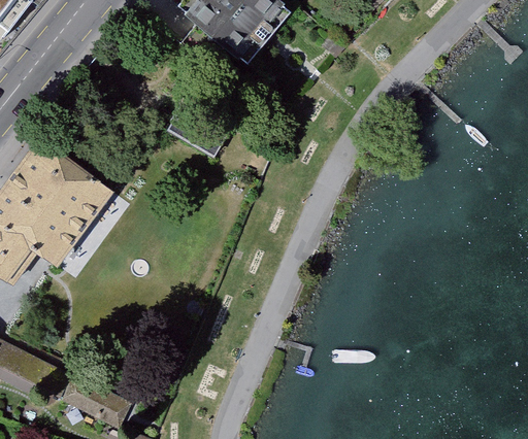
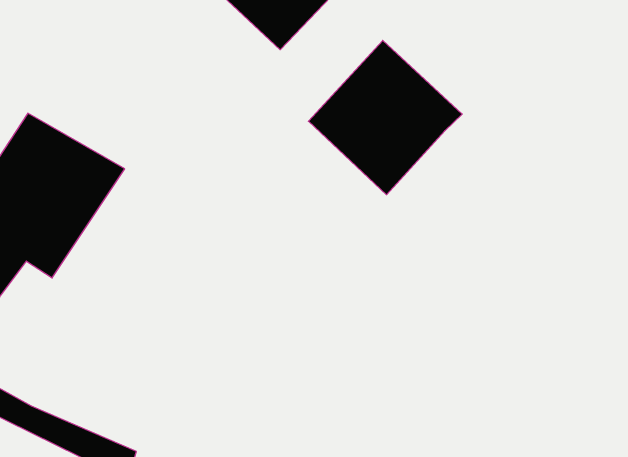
building: none -> [308,40,462,195]

